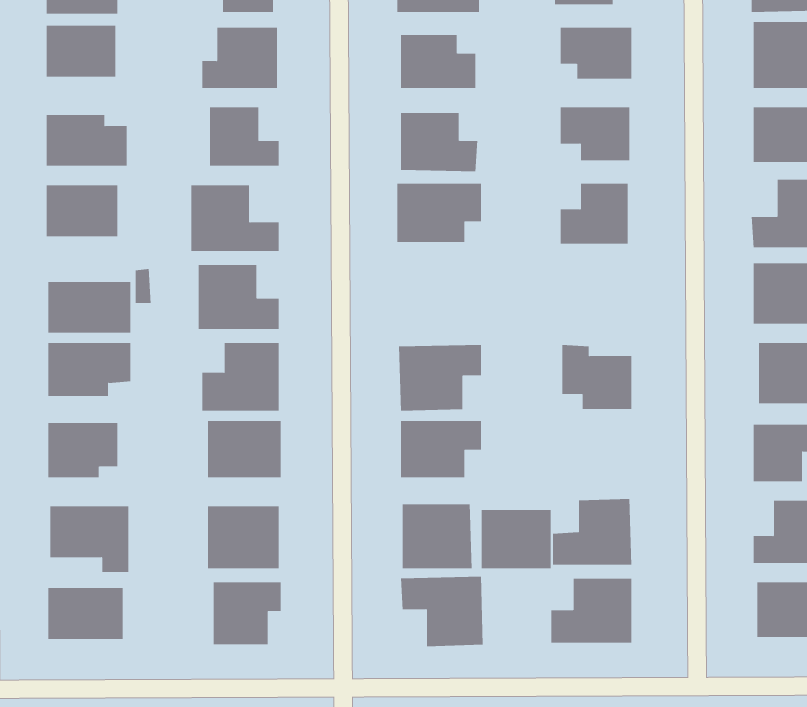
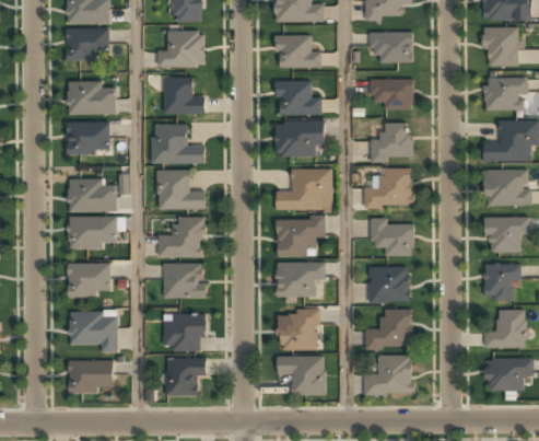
building: none -> [363,169,412,207]
building: none -> [274,170,331,209]
building: [481,510,551,569] -> [367,267,409,302]

